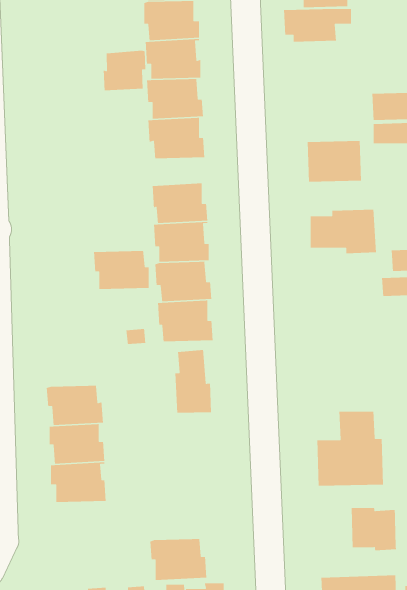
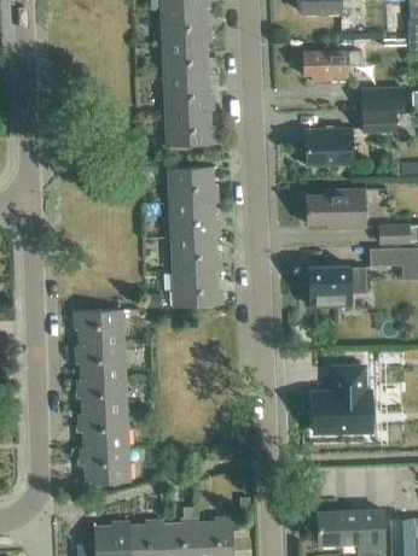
building: [283,8,352,43] -> [302,52,362,82]
building: [102,50,146,91] -> none
building: [93,250,149,290] -> [74,310,123,345]
building: none -> [308,267,366,308]
building: [174,349,212,413] -> none
building: [351,506,397,551] -> none
building: [149,538,207,581] -> [80,446,130,484]

